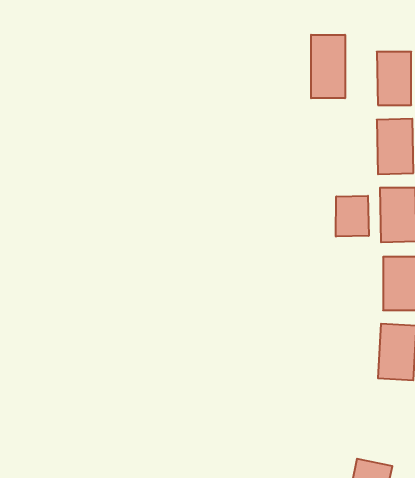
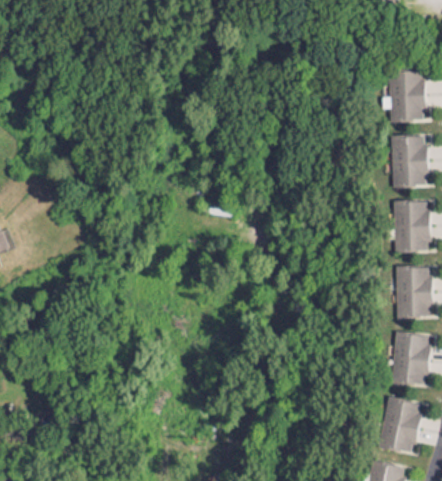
building: [311,35,345,98] -> none
building: [336,196,369,237] -> none
building: none -> [379,397,421,454]

